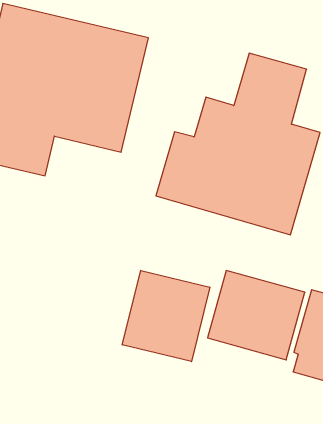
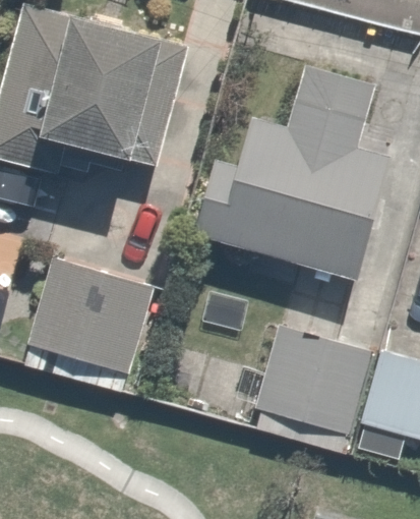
building: none -> [18,256,146,383]
building: [122,270,210,362] -> none

